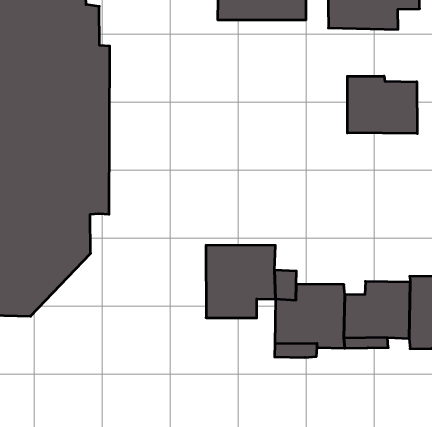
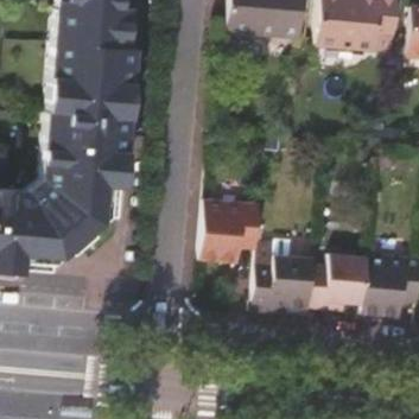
building: [347,76,417,134] -> none

